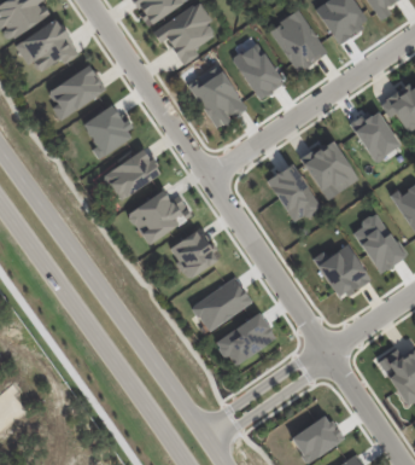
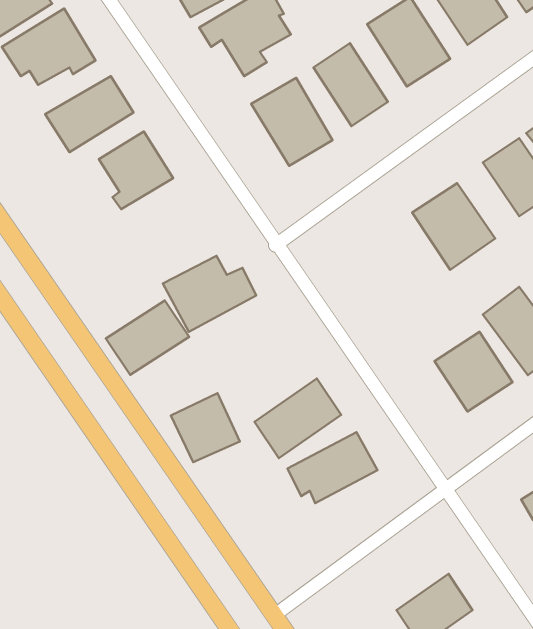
building: [104,149,162,200] -> [106,301,189,375]
building: [270,164,318,222] -> none
building: [170,229,218,278] -> [171,393,240,462]

